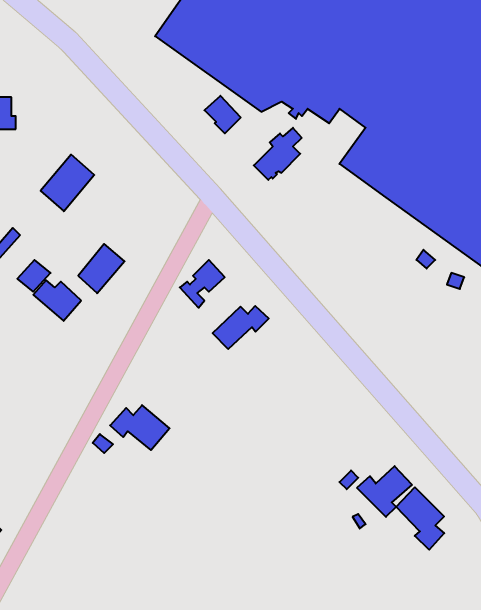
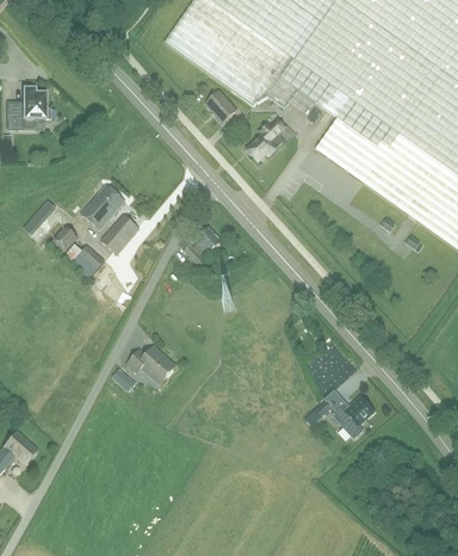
building: [41,155,94,211] -> [81,183,125,229]
building: [213,306,269,349] -> none
building: [396,487,444,550] -> none

